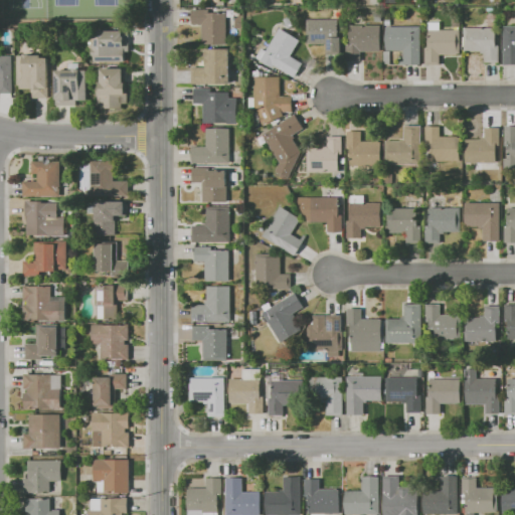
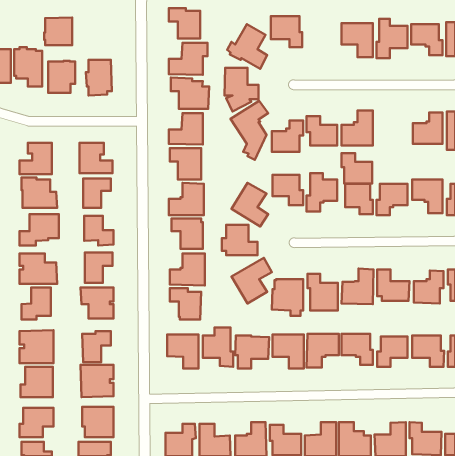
building: [345,24,379,60] -> none
building: [92,30,123,61] -> [44,17,72,45]
building: [423,126,458,160] -> [342,153,372,183]

